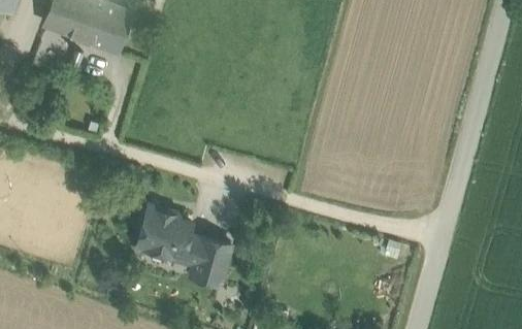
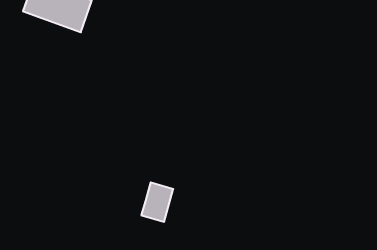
building: [136,207,200,259] -> none

